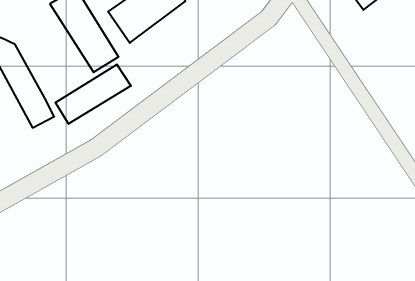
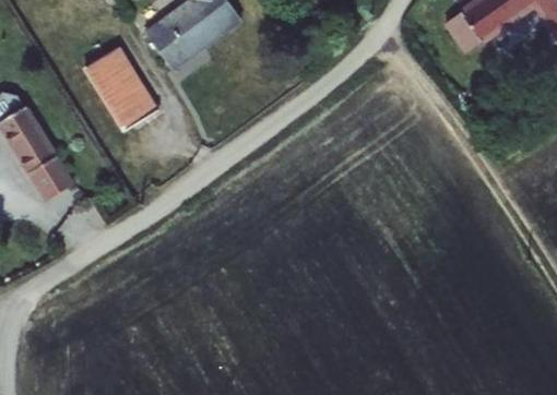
building: [55,64,131,124] -> none

